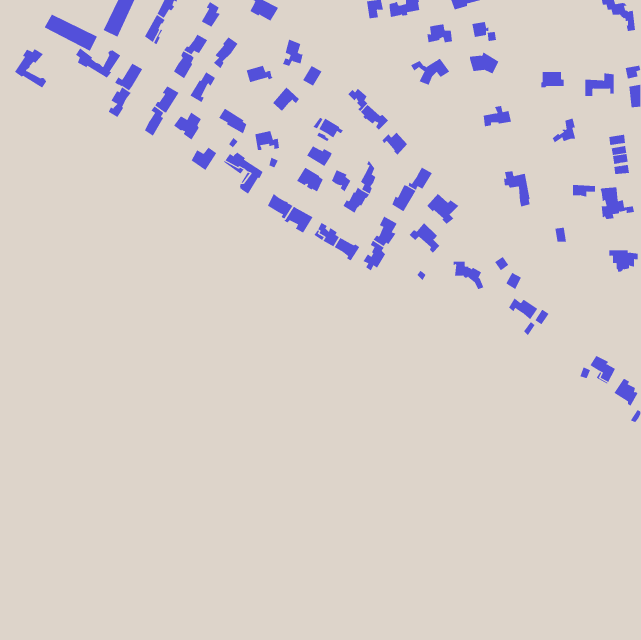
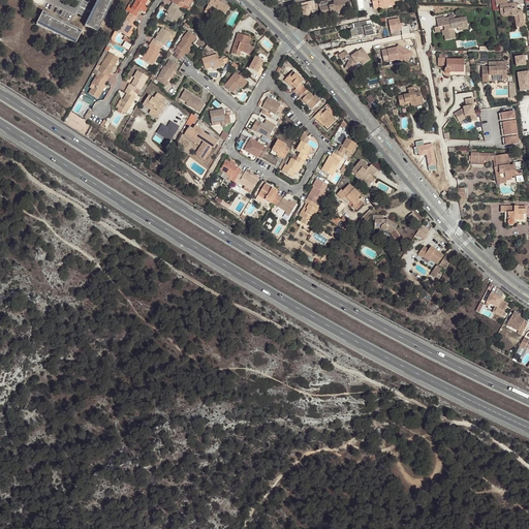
building: none -> [437,15,467,39]
building: [75,47,121,79] -> none
building: [14,48,47,89] -> none

